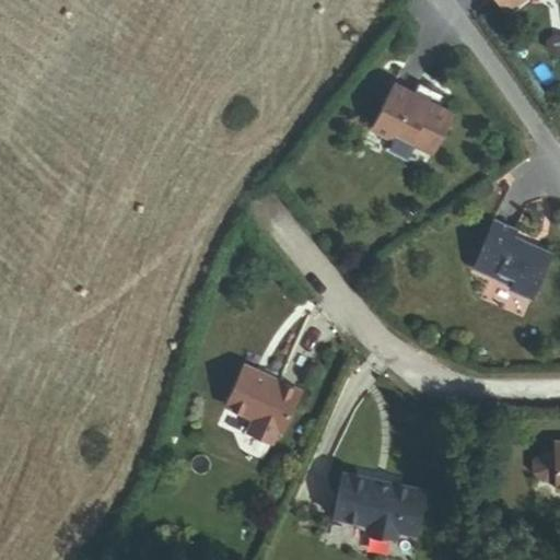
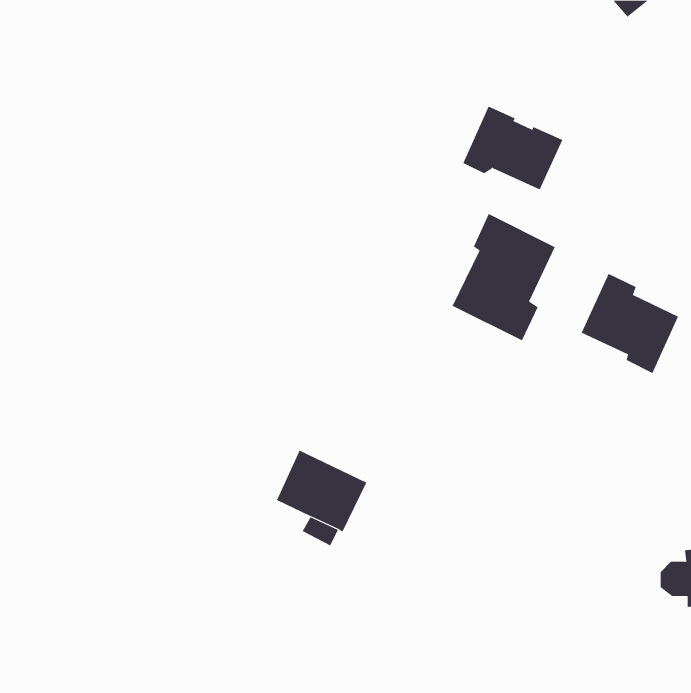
building: none -> [452,213,555,341]
building: [337,476,427,533] -> none

